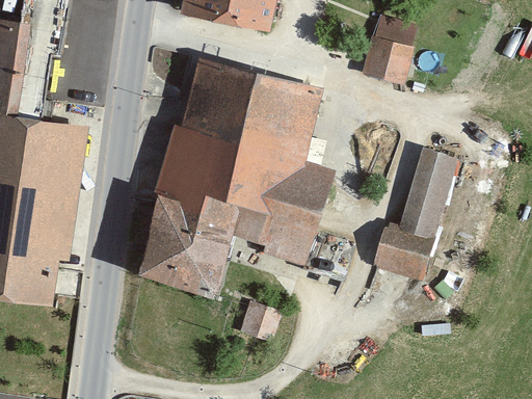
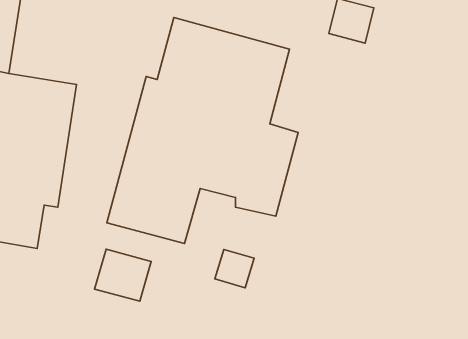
building: [376,144,453,280] -> none
building: none -> [95,249,151,301]

